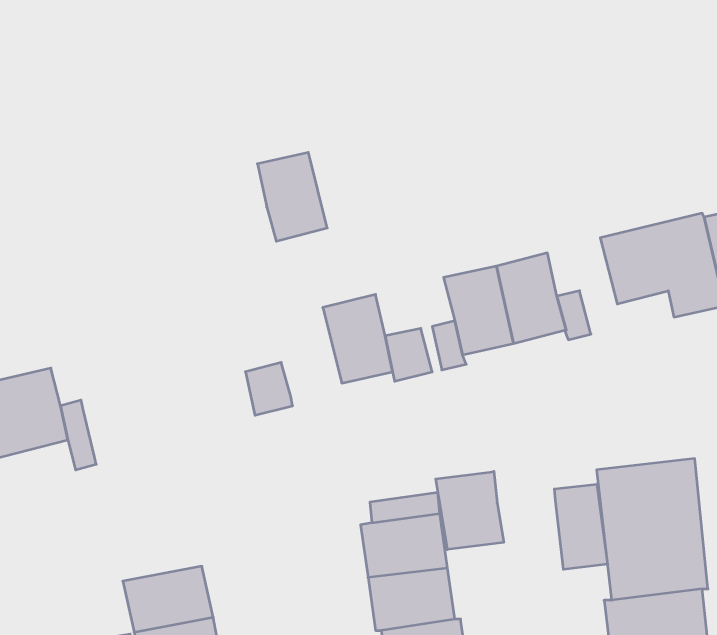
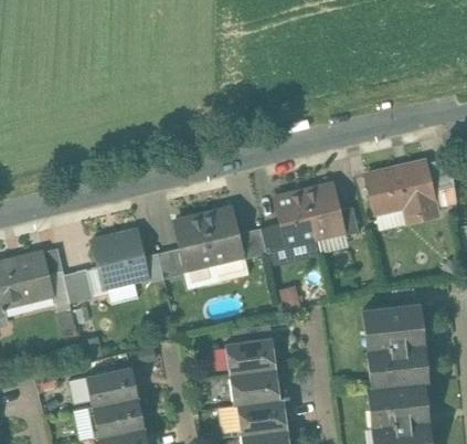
building: [257,152,327,241] -> [172,218,213,269]
building: none -> [91,231,149,290]
building: none -> [62,272,93,305]
building: [436,471,504,550] -> none
building: [554,484,607,569] -> none

